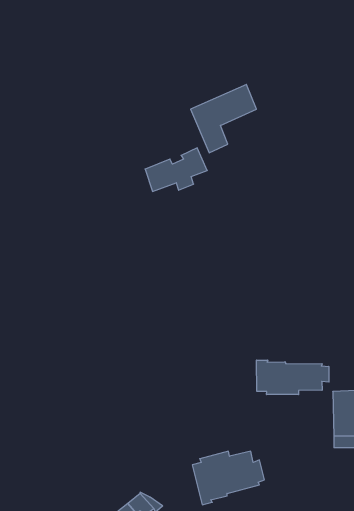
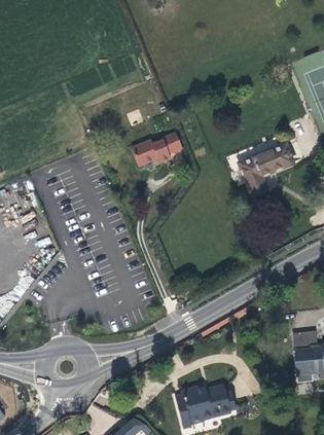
building: [191,84,256,153] -> [238,142,292,198]
building: [257,360,329,395] -> none

